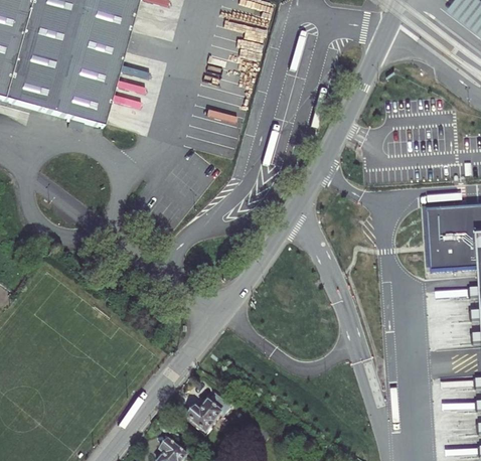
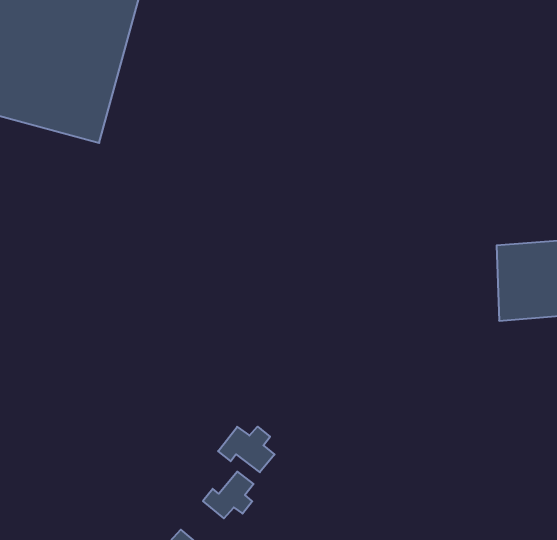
building: none -> [218,427,275,472]

